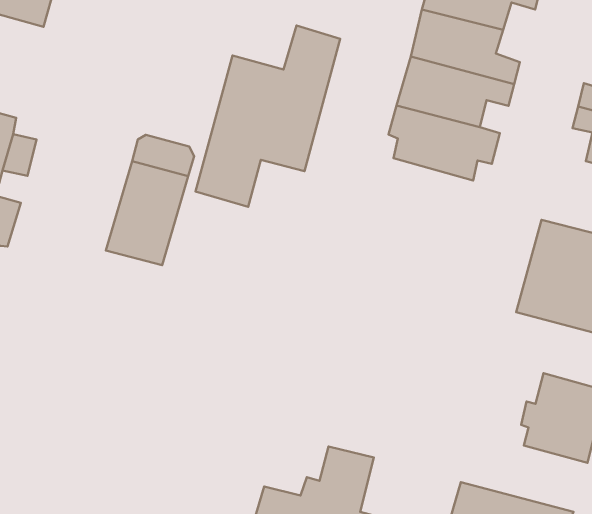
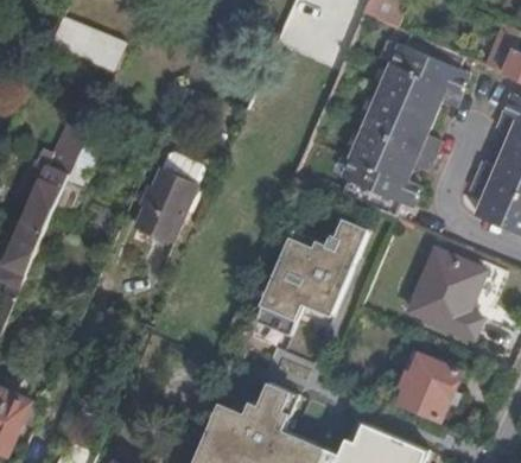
building: [196,26,340,207] -> [254,217,367,336]

